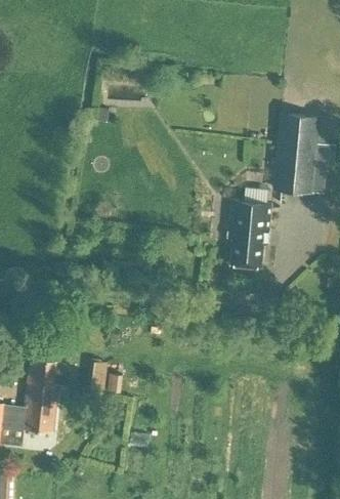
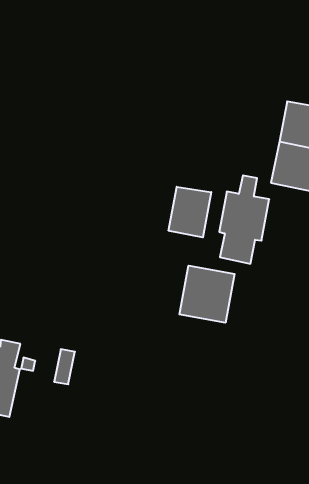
building: none -> [169,187,211,237]
building: none -> [179,266,235,323]

